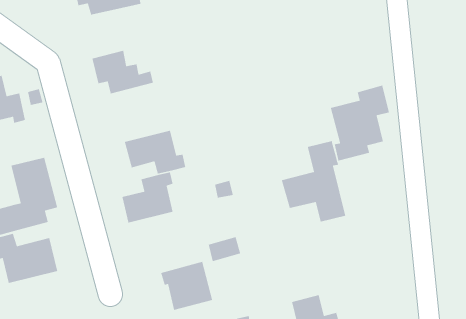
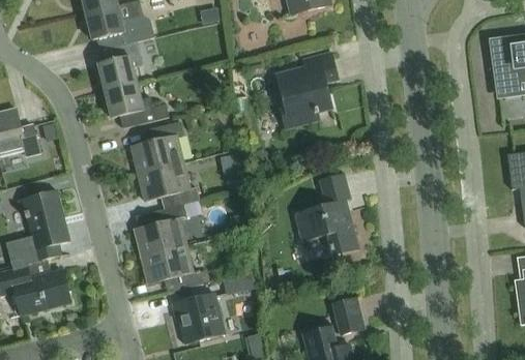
building: none -> [97,42,142,92]
building: [330,85,390,162] -> [276,52,337,128]
building: none -> [130,122,183,175]
building: none -> [141,245,202,292]
building: none -> [331,296,366,334]

